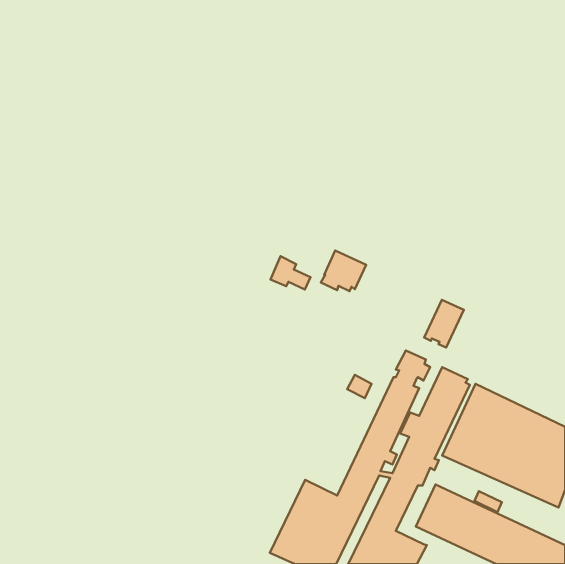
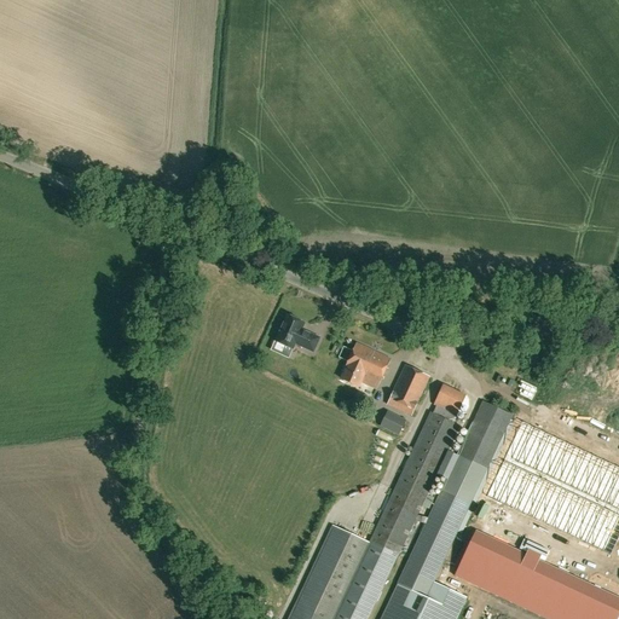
building: [321,250,366,291] -> [341,342,391,387]
building: [271,256,310,289] -> [276,314,319,351]
building: [424,300,464,347] -> [386,365,429,417]

